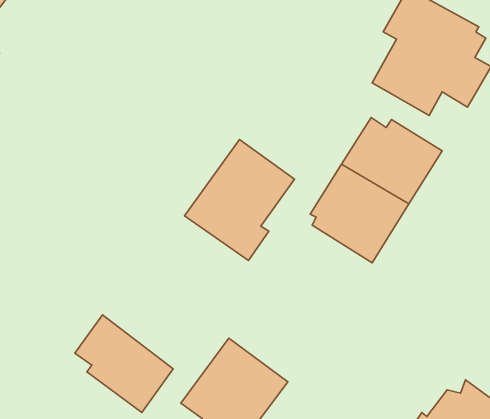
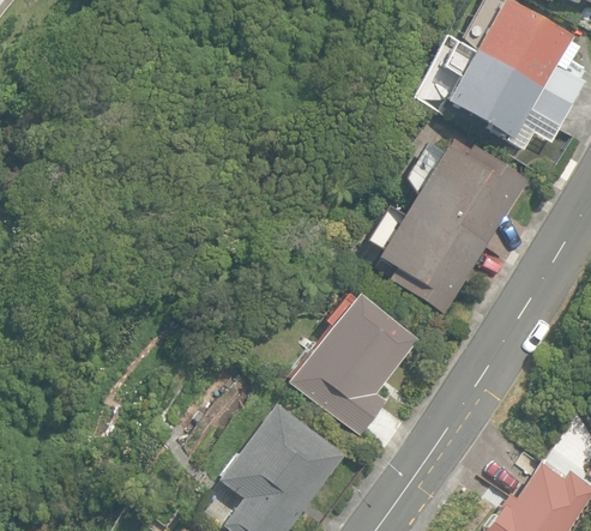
building: [185,140,294,261] -> [288,292,417,435]
building: [75,315,173,412] -> none

